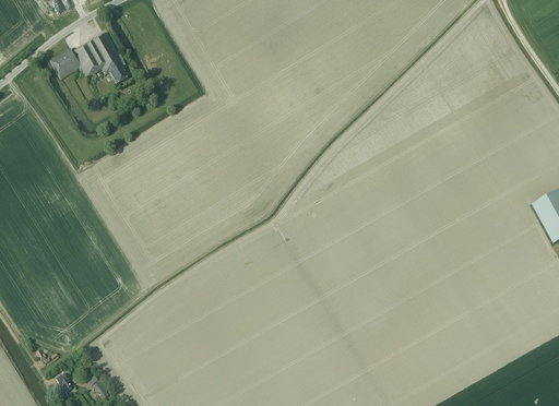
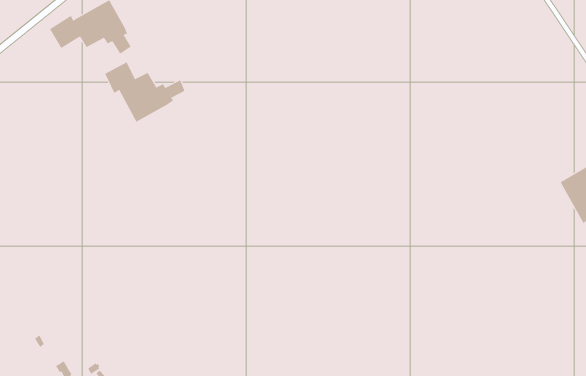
building: none -> [105,61,185,122]

